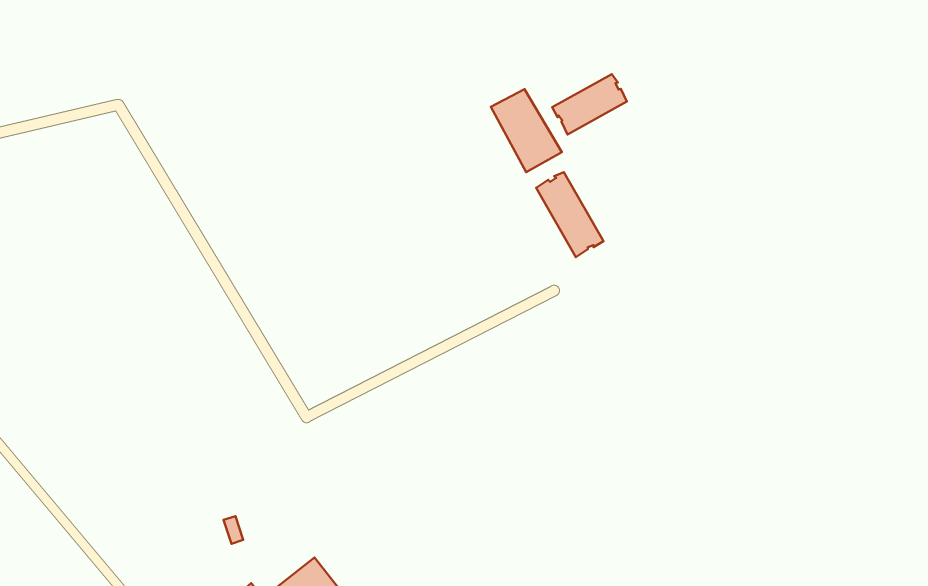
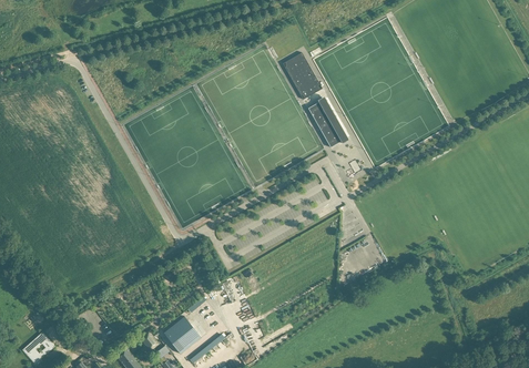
building: [552,74,627,134] -> none

